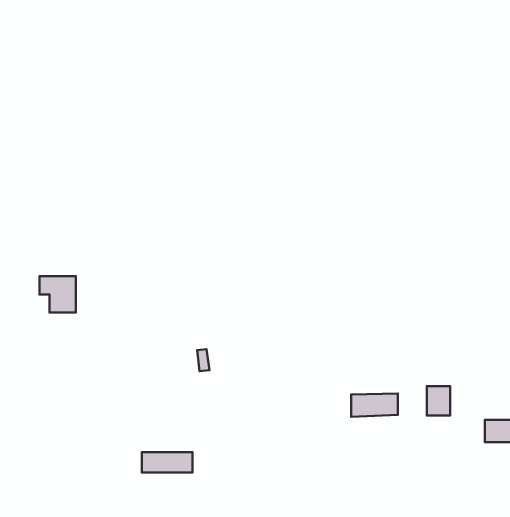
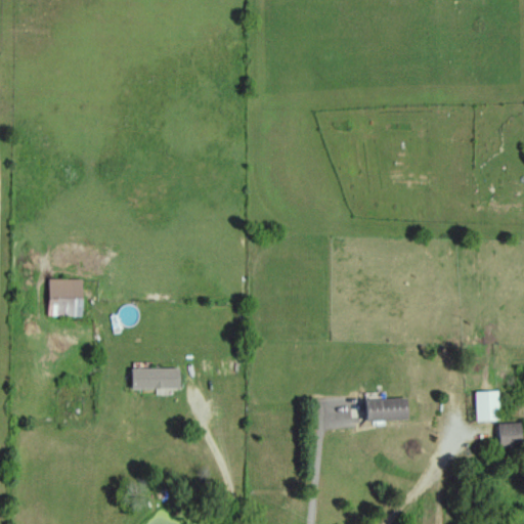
building: [427,386,450,416] -> [476,391,499,421]
building: [142,452,193,472] -> [128,367,179,388]

